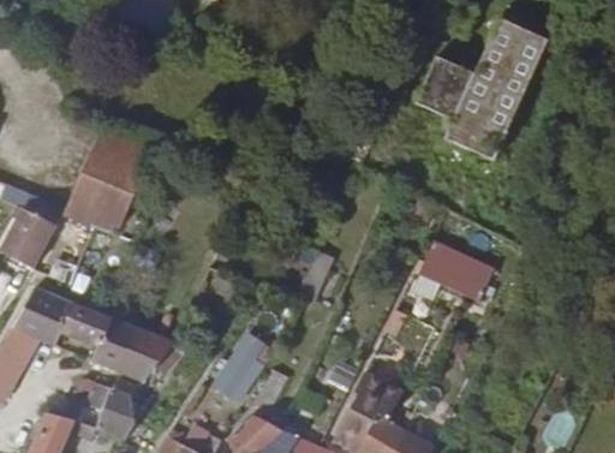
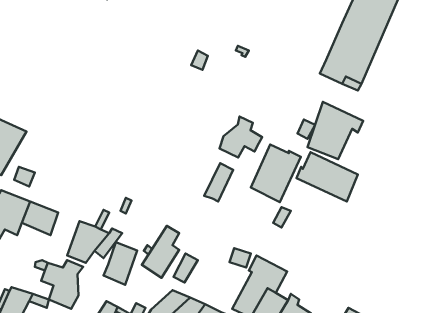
building: [413,55,473,120] -> none
building: [66,132,153,232] -> none
building: none -> [308,102,363,159]
building: none -> [219,116,262,157]
building: none -> [251,144,301,202]
building: [91,317,135,372] -> [104,242,137,285]

